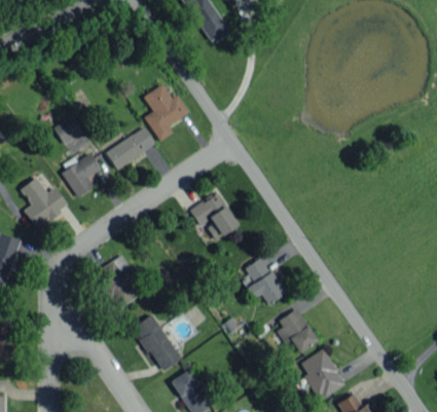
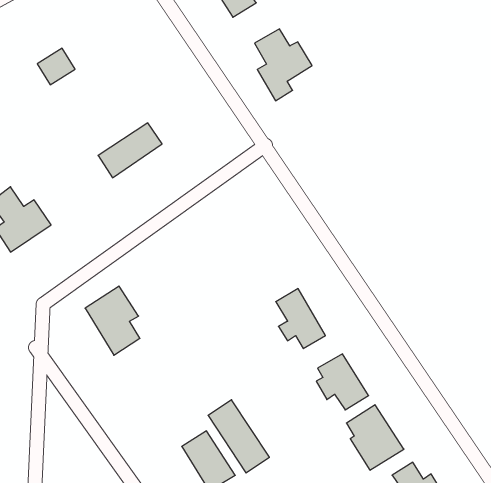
building: [144,84,189,141] -> [255,29,312,101]
building: [54,115,84,144] -> [37,48,75,85]
building: [62,152,102,197] -> none
building: [191,191,241,242] -> none
building: [134,313,182,371] -> [208,400,269,473]

